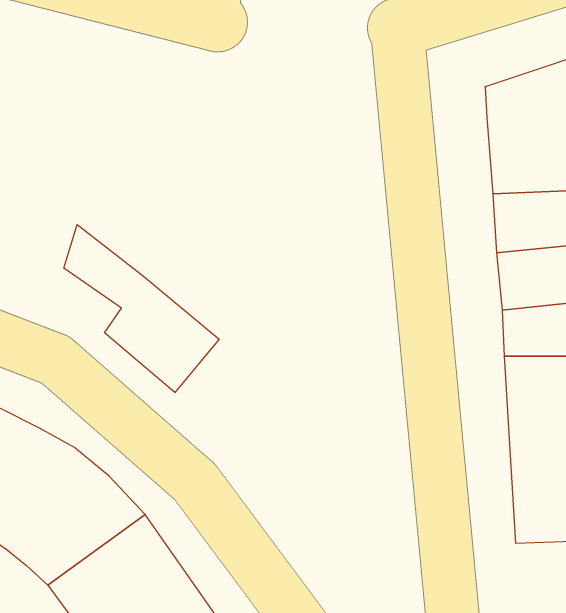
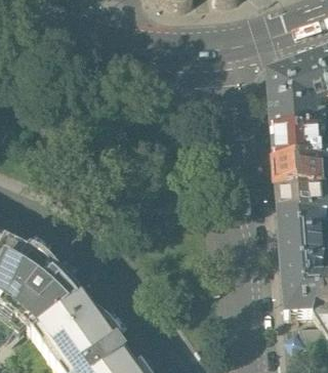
building: [64,225,219,392] -> none

